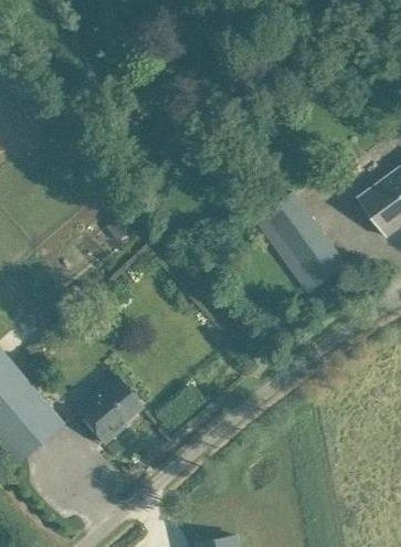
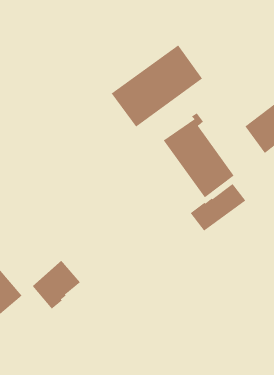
building: none -> [111,45,203,128]
building: none -> [190,183,246,231]

